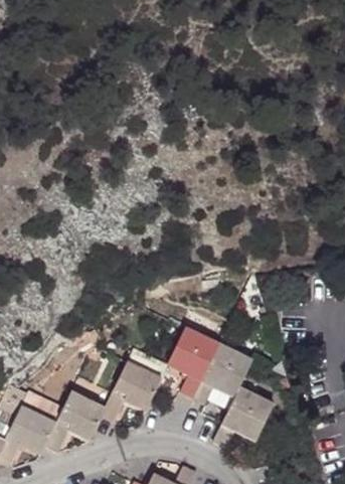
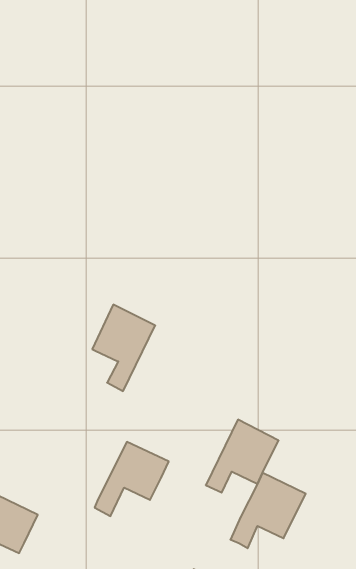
building: [167,327,218,397] -> [92,305,155,391]
building: [44,391,105,452] -> none

